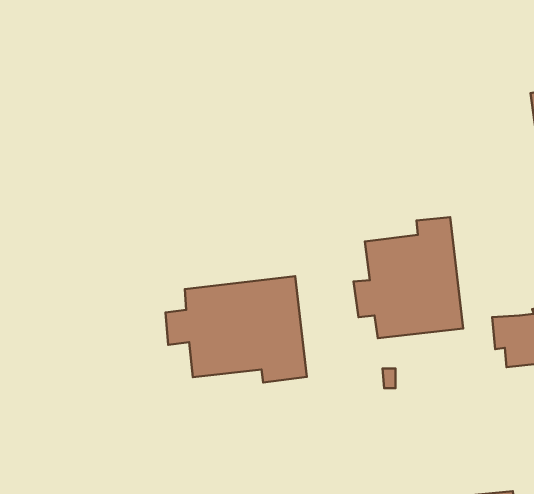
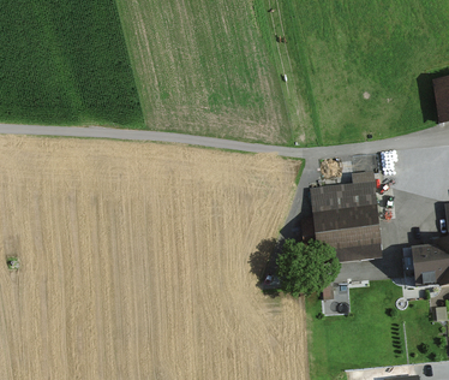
building: [165,276,307,382] -> none

